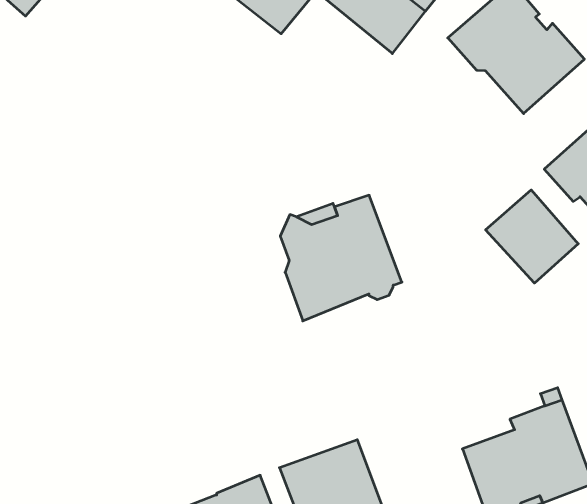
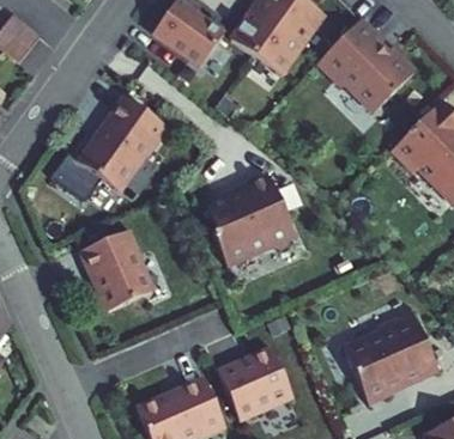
building: none -> [49,96,168,201]
building: [486,190,578,283] -> none
building: none -> [78,228,151,310]

